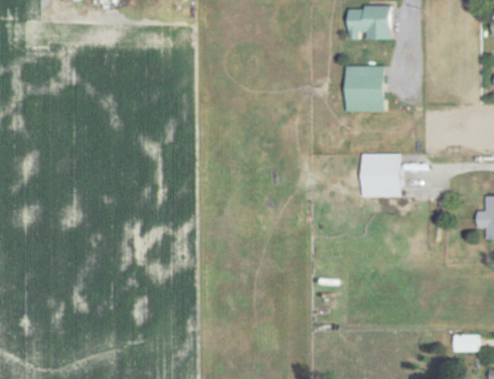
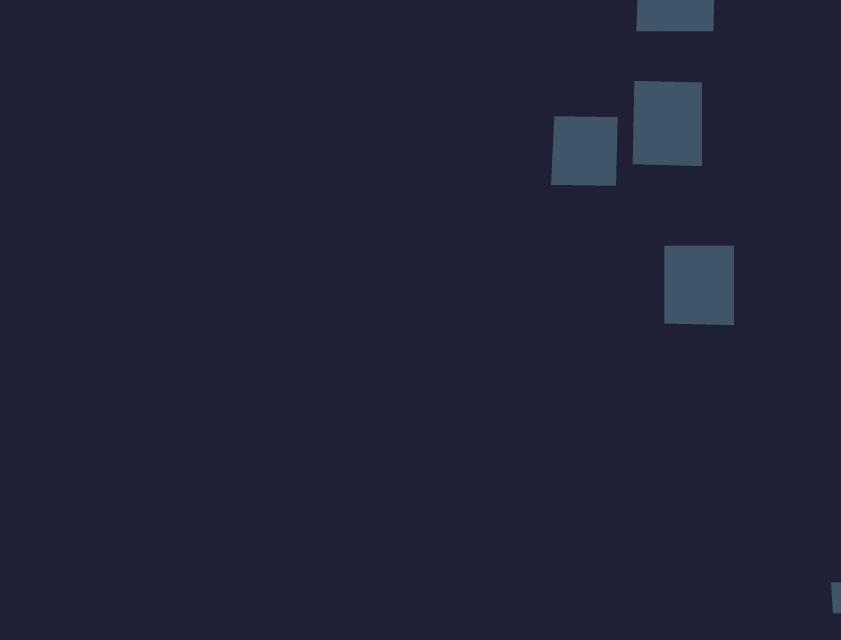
building: none -> [550,115,618,187]

